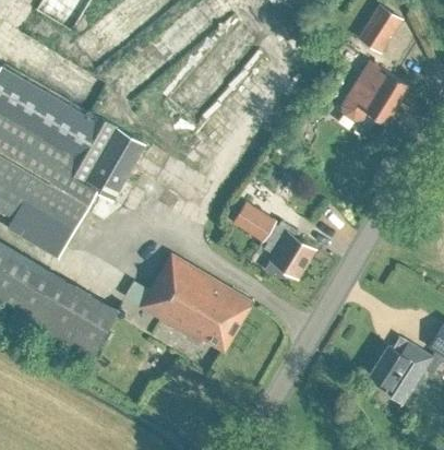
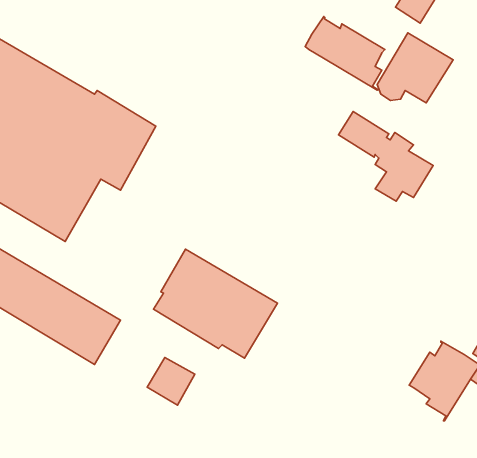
building: none -> [305,16,385,90]
building: [231,202,315,282] -> [338,112,433,201]
building: none -> [147,358,195,405]

